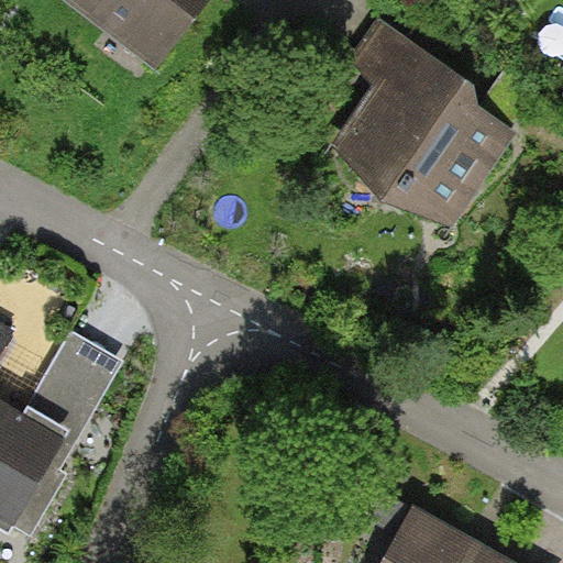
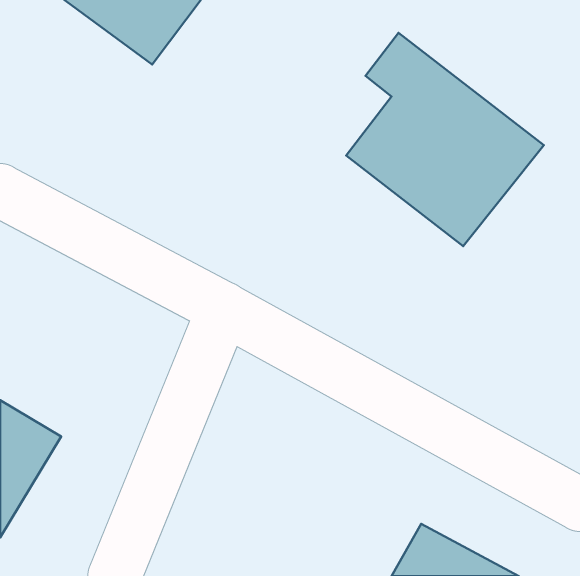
building: [38,319,131,417] -> none

